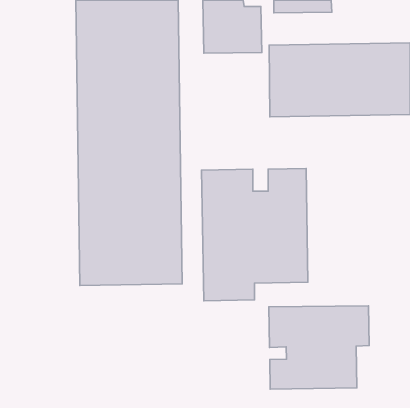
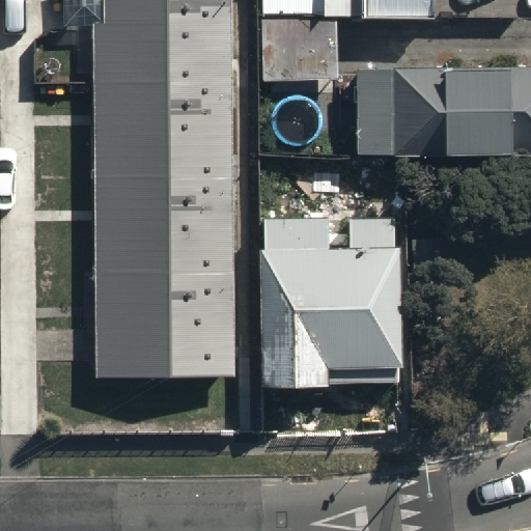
building: [269,306,369,389] -> none

